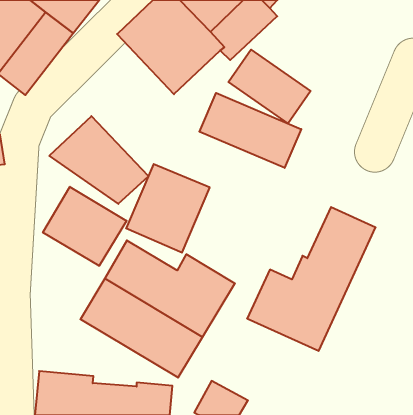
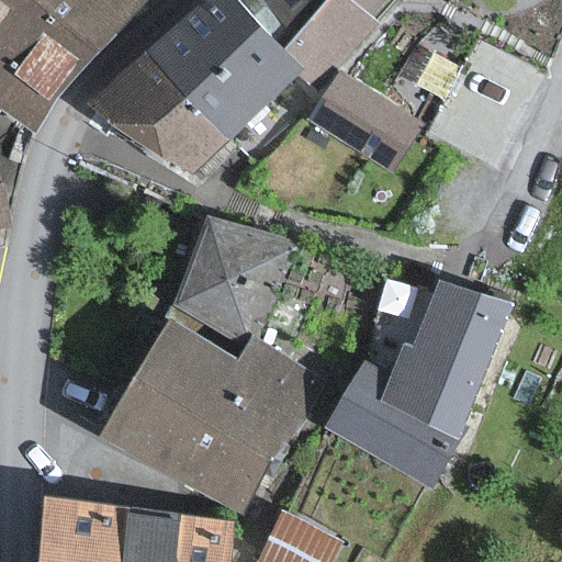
building: [199,93,301,168] -> none
building: [49,116,148,204] -> [101,46,235,165]
building: [43,187,127,266] -> none

